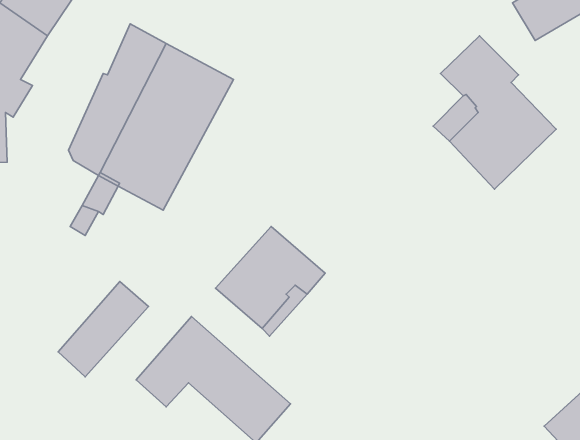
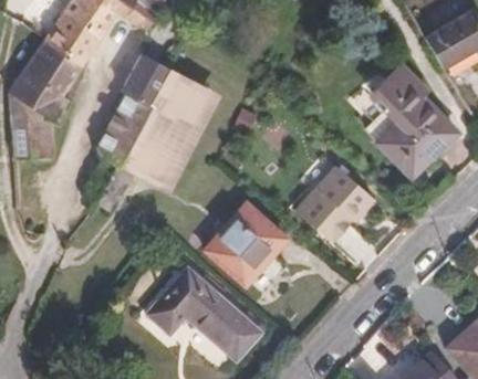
building: none -> [308,179,373,241]
building: [58,282,148,377] -> none

